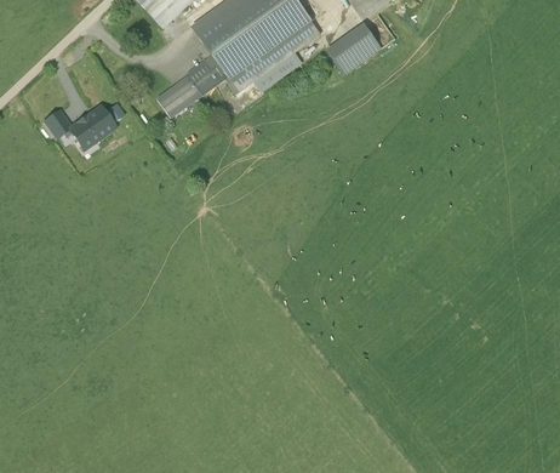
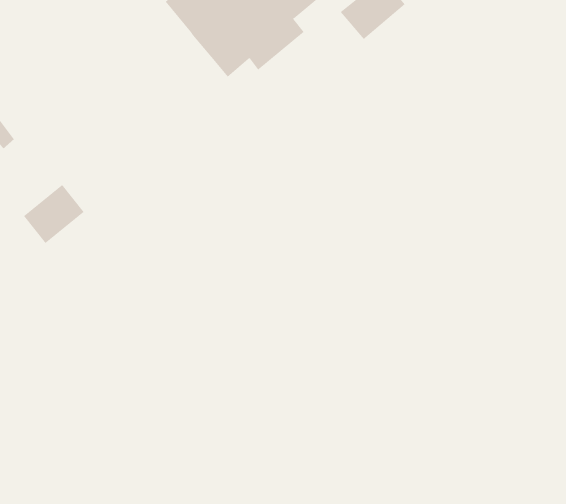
building: [158,55,224,114] -> none
building: [69,104,118,150] -> [23,184,84,244]

